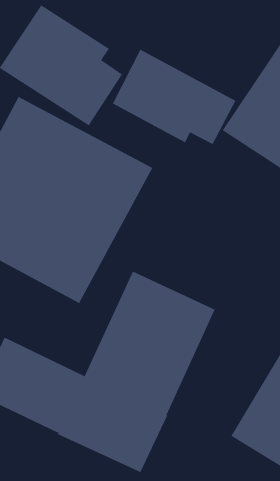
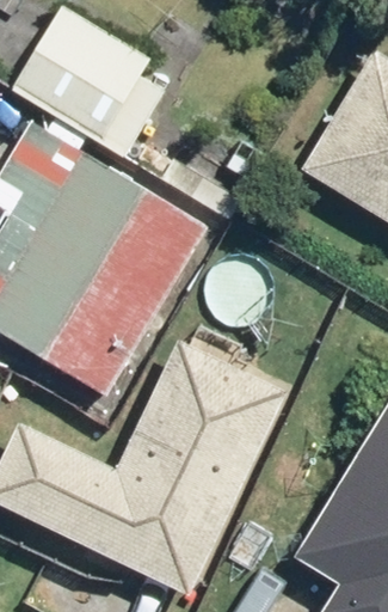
building: [112,49,236,145] -> none

